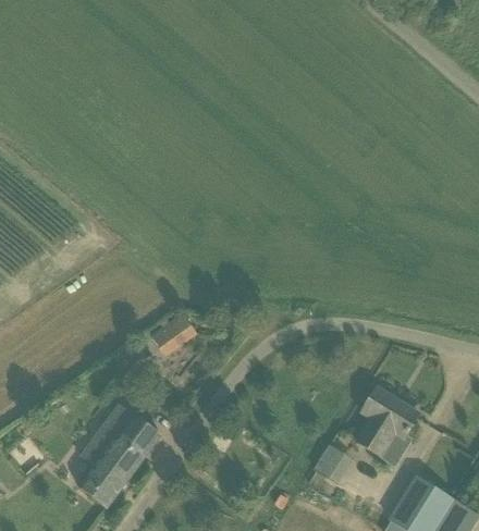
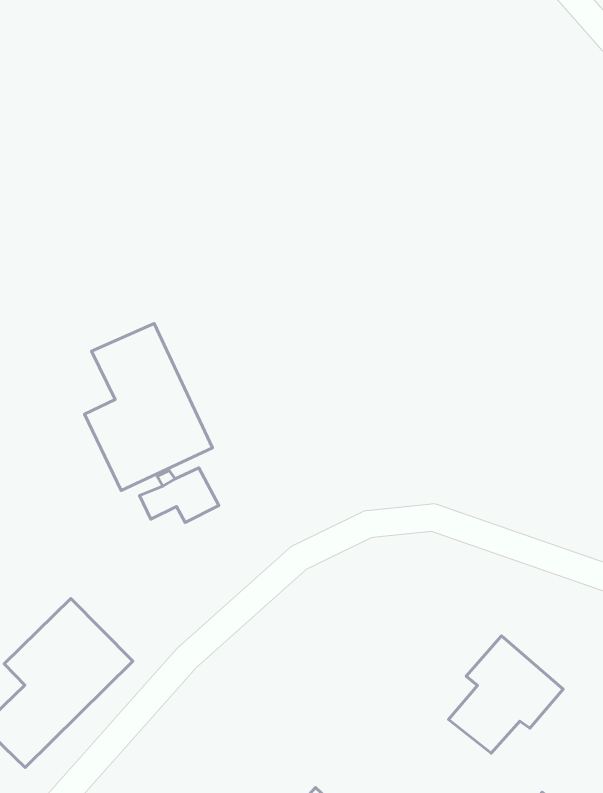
building: none -> [85,323,212,490]
building: [318,445,354,479] -> none

